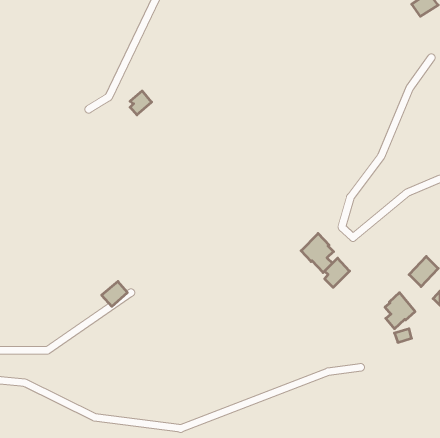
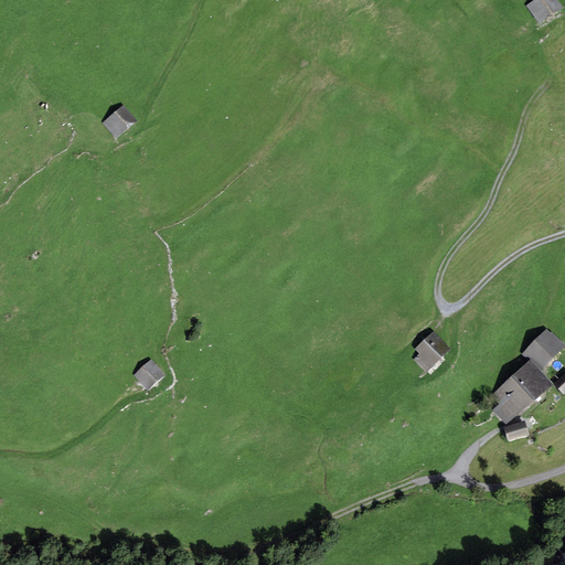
building: [130,91,152,115] -> [107,106,135,137]
building: [301,233,334,273] -> none
building: none -> [512,362,548,399]

